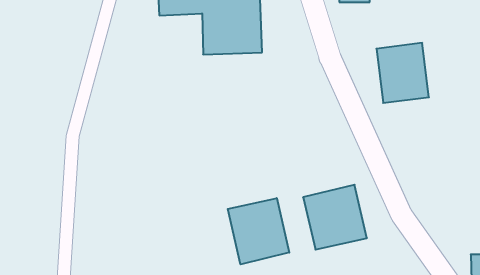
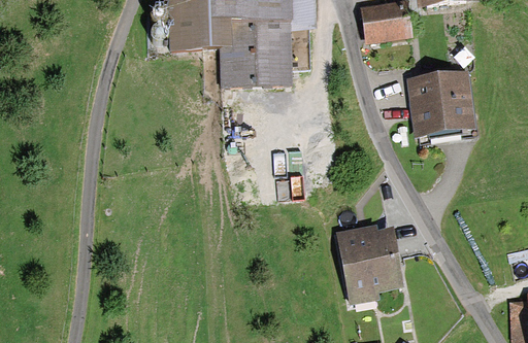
building: [228,198,289,264] -> none

